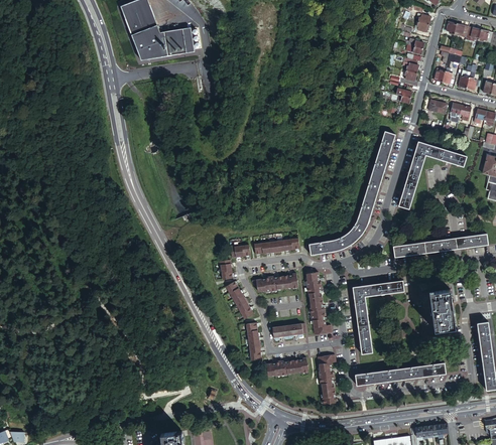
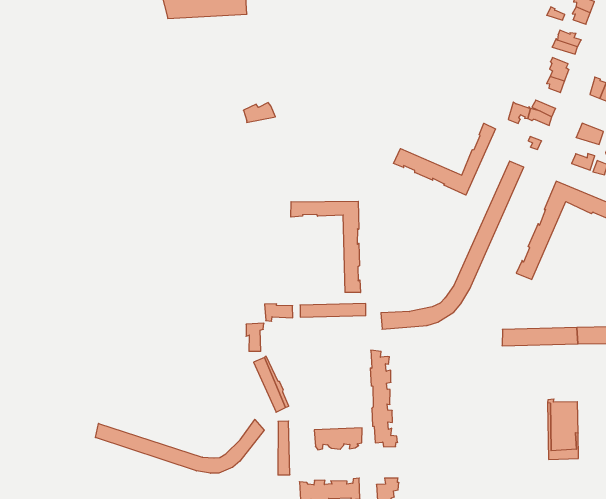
building: none -> [393,123,496,195]
building: none -> [291,201,360,293]
building: [252,274,298,293] -> none
building: [353,280,404,353] -> none
building: none -> [95,419,264,473]

